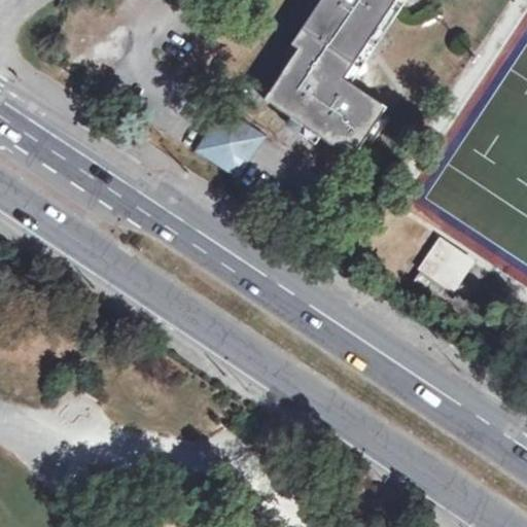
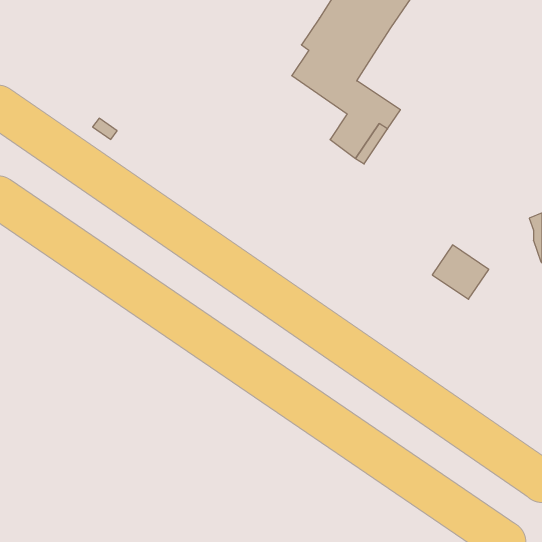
building: [266,73,336,135] -> none
building: [195,106,265,177] -> none

